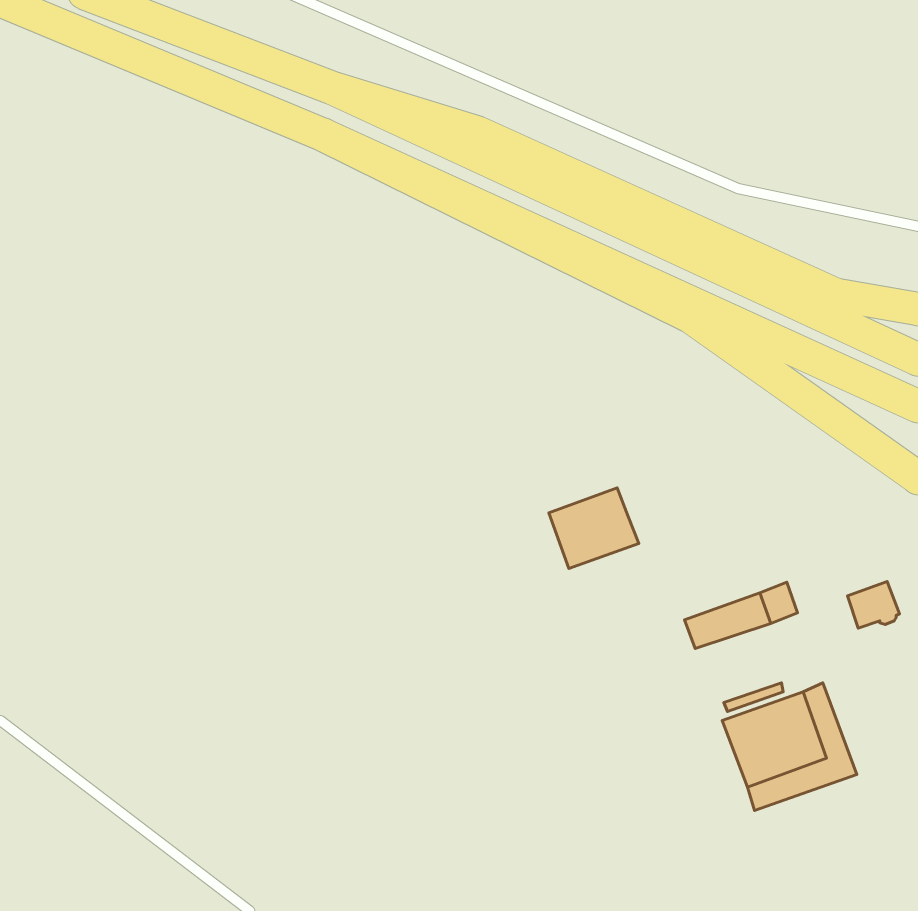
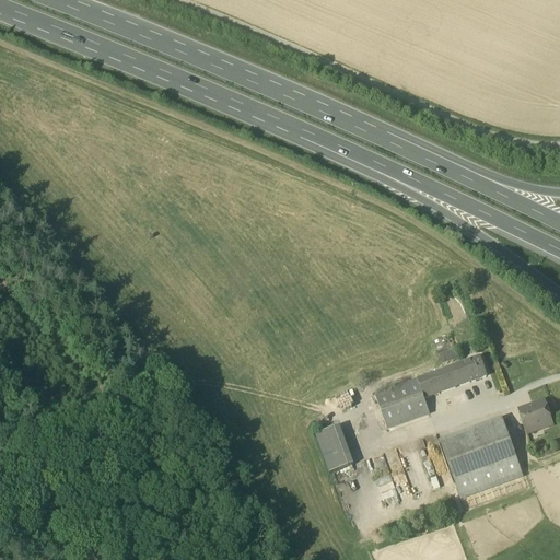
building: [549,488,639,569] -> [375,377,430,427]
building: [848,581,900,628] -> [520,399,551,428]
building: none -> [315,423,353,470]

